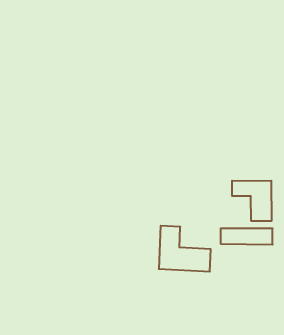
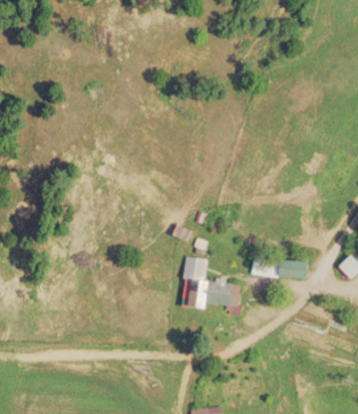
building: [232,181,272,221] -> none

